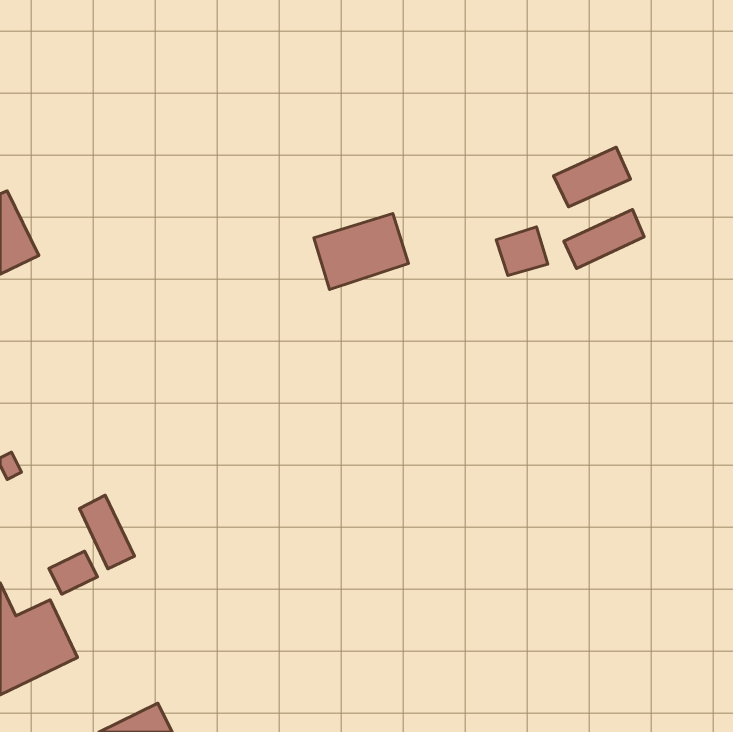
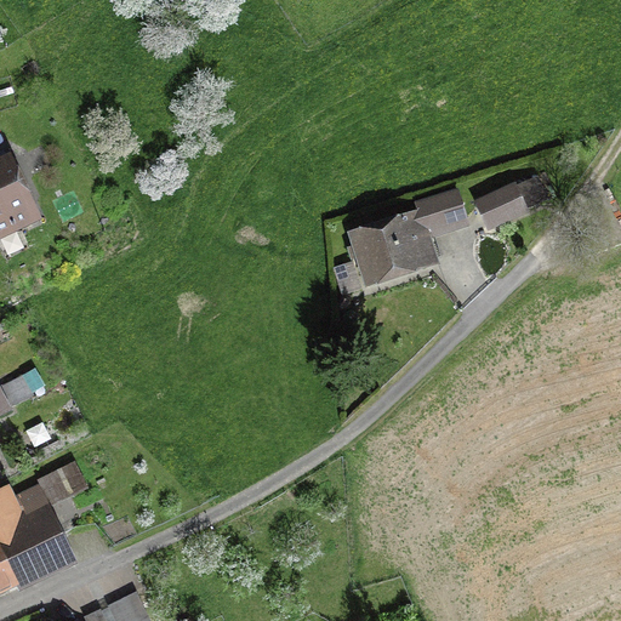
building: [553,147,630,207] -> none
building: [314,213,408,289] -> [353,217,433,281]
building: [80,495,135,569] -> none

